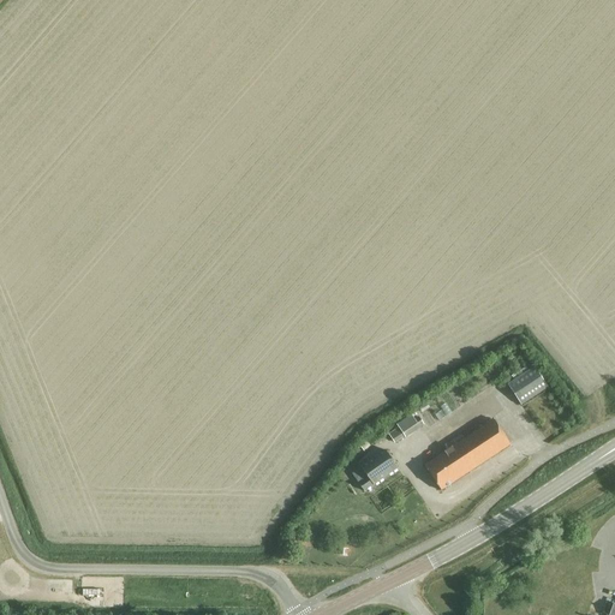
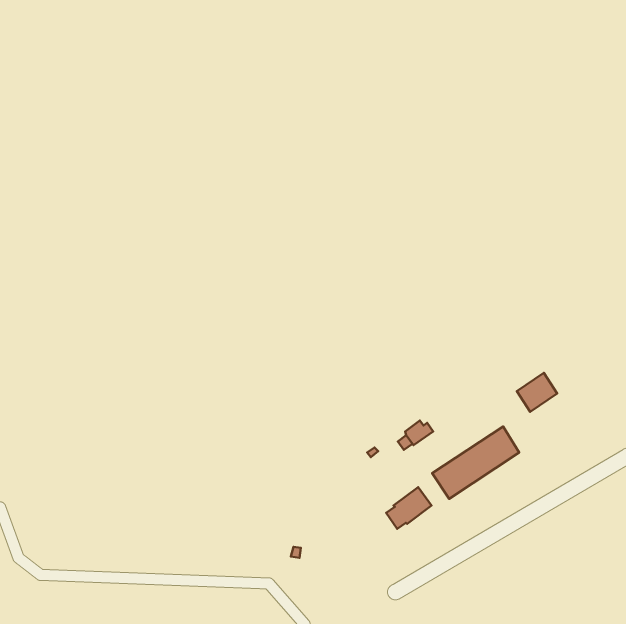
building: [353,447,398,488] -> [386,487,432,529]

